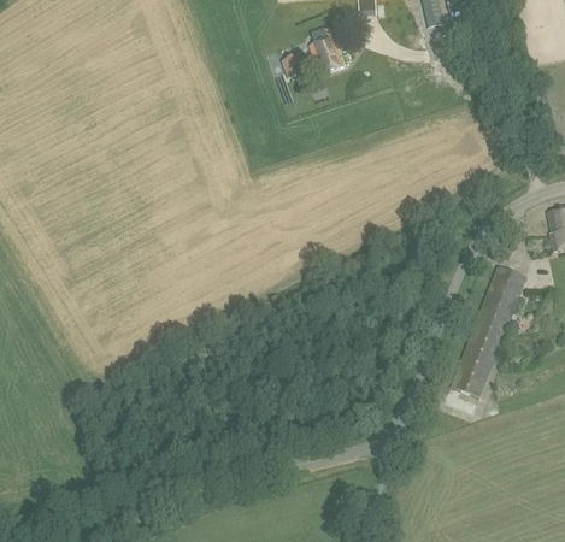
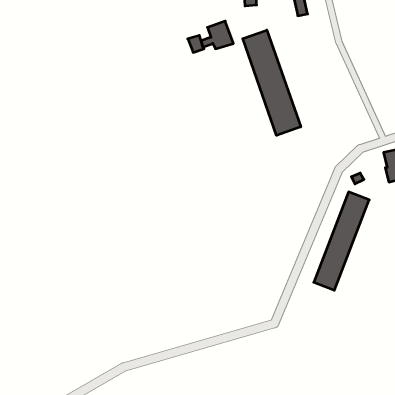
building: none -> [243,30,301,135]

